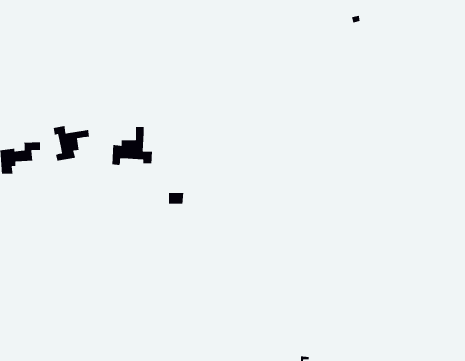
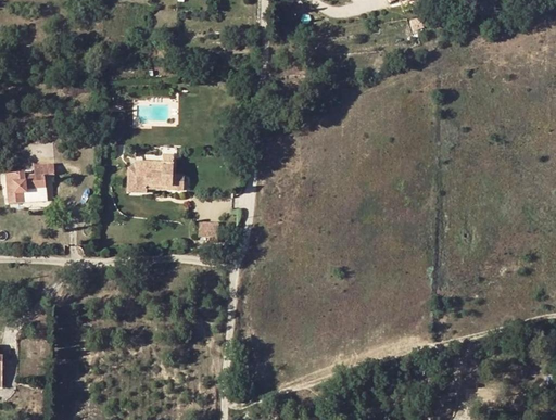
building: [53,125,90,162] -> none

